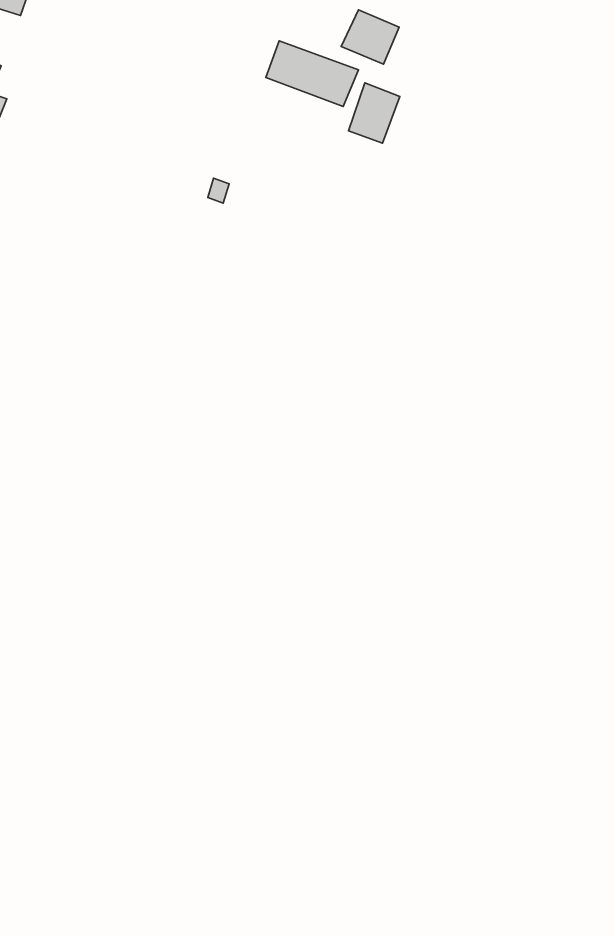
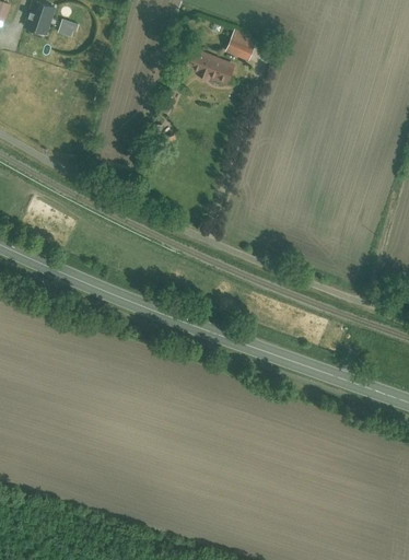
building: [349,83,400,143] -> none

